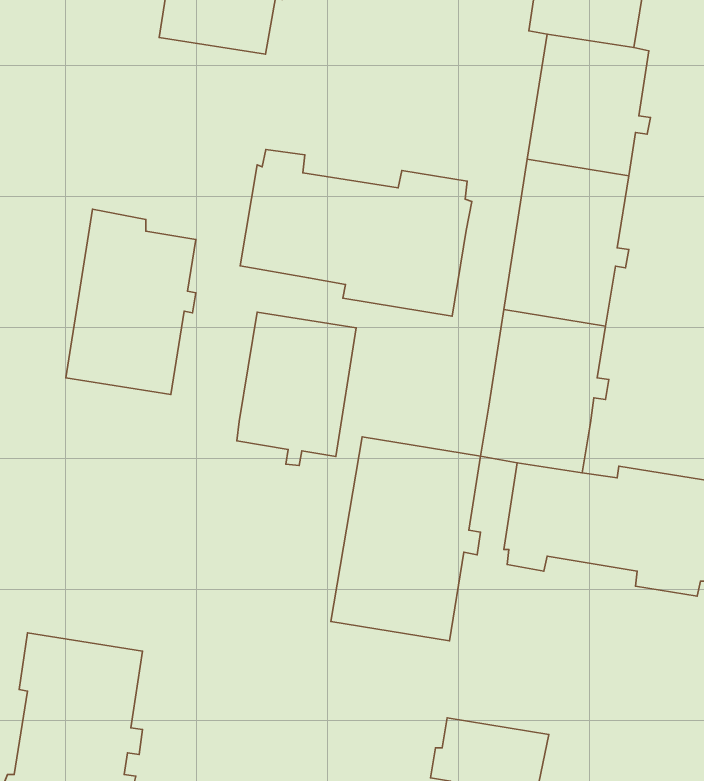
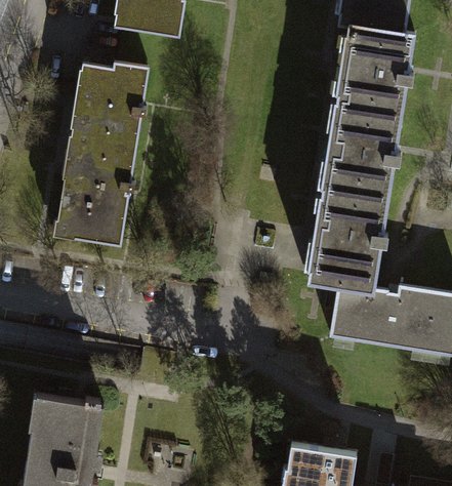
building: none -> [71,63,148,150]
building: [240,149,472,316] -> none
building: [237,312,356,466] -> none
building: [331,437,481,641] -> none

